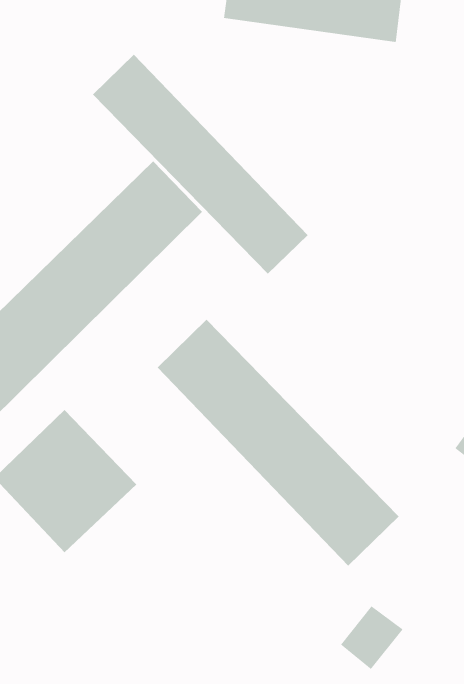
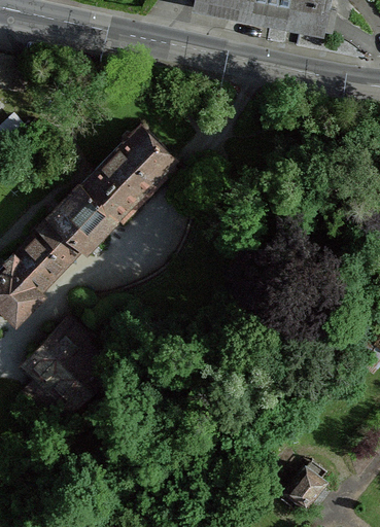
building: [92,54,308,275] -> none
building: [157,319,399,566] -> none

